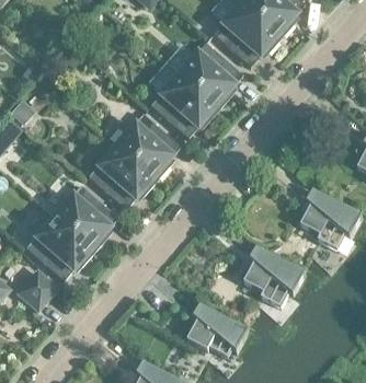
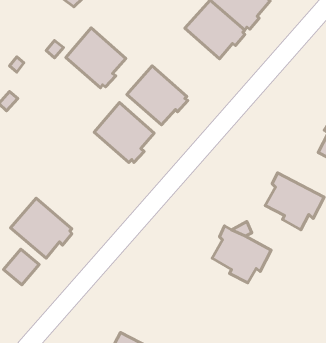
building: [176,40,241,105] -> [66,28,126,88]
building: [87,143,152,207] -> none
building: [52,183,117,247] -> none
building: [184,302,248,356] -> none

